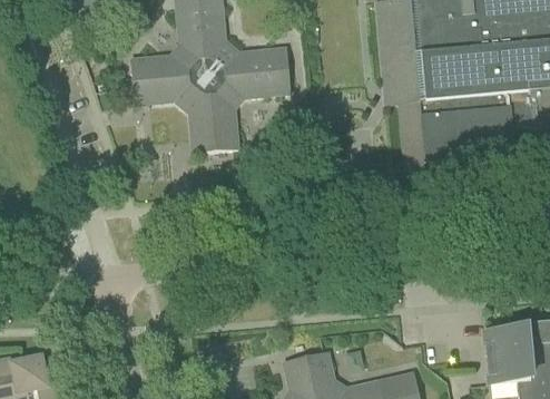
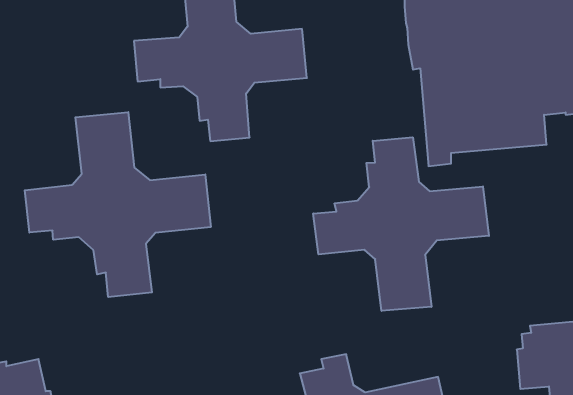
building: none -> [25,112,211,297]
building: none -> [313,137,489,311]

